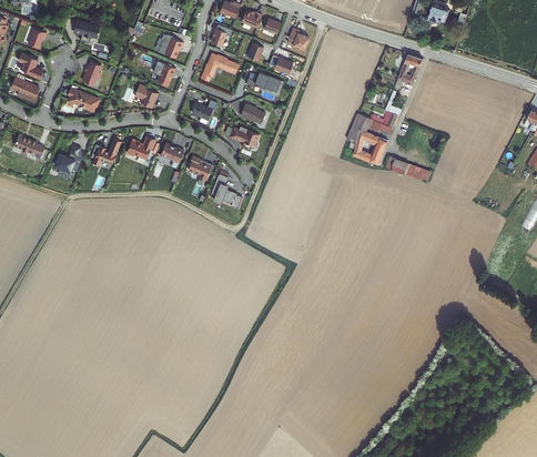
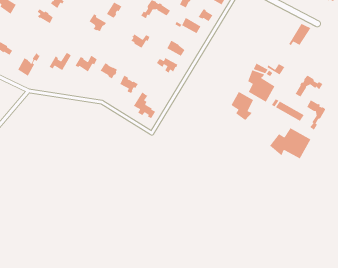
building: none -> [294,74,324,98]
building: none -> [306,99,326,131]
building: none -> [230,91,254,120]
building: none -> [270,127,312,159]

